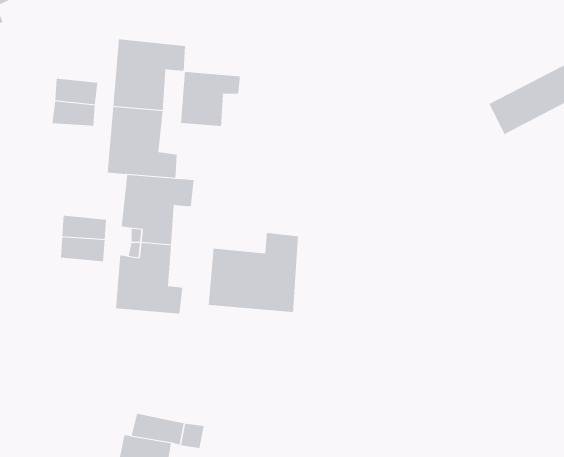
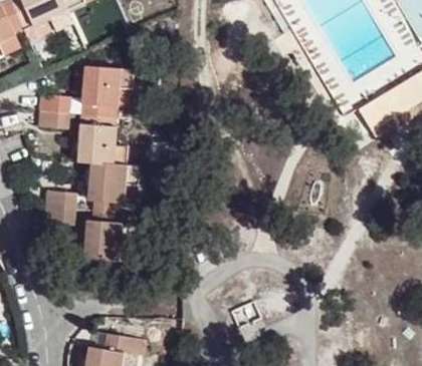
building: [180,71,240,127] -> none
building: [208,232,299,313] -> none

